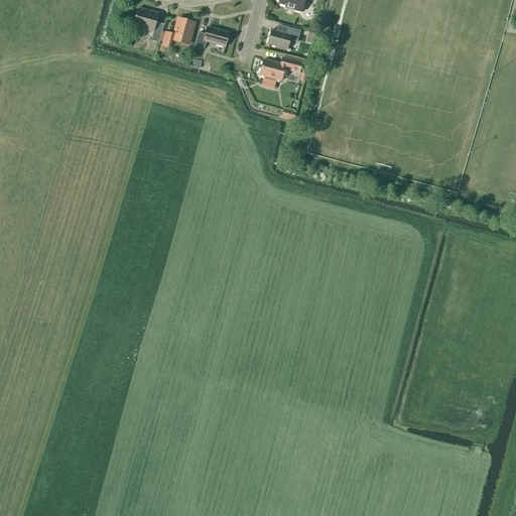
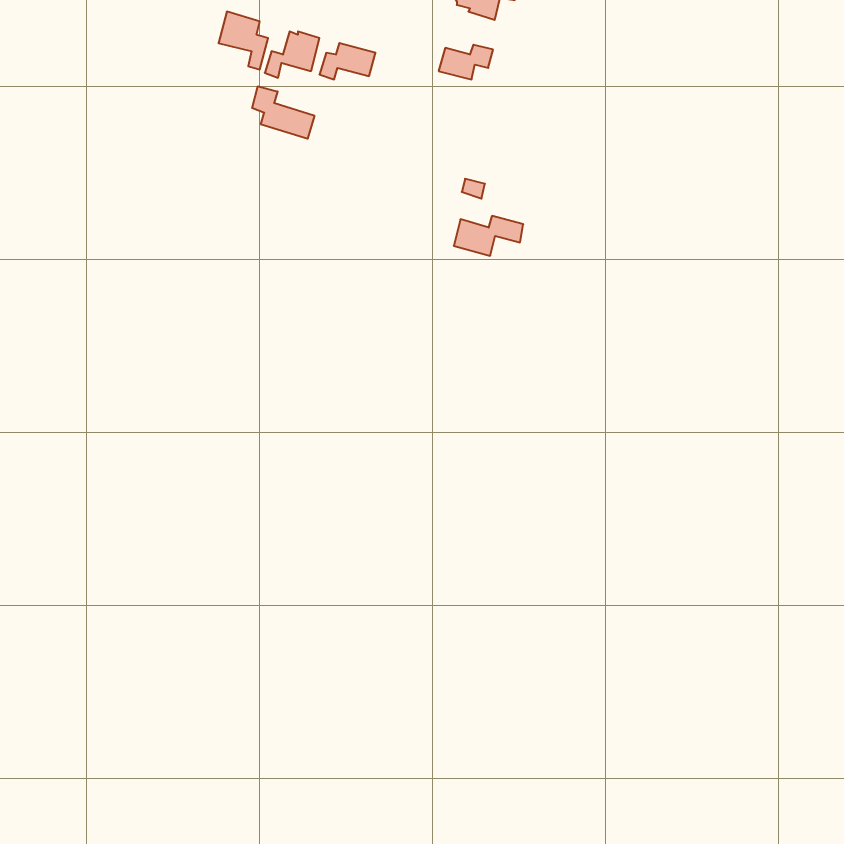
building: none -> [252,86,314,139]
building: [260,56,302,81] -> [454,216,523,256]

